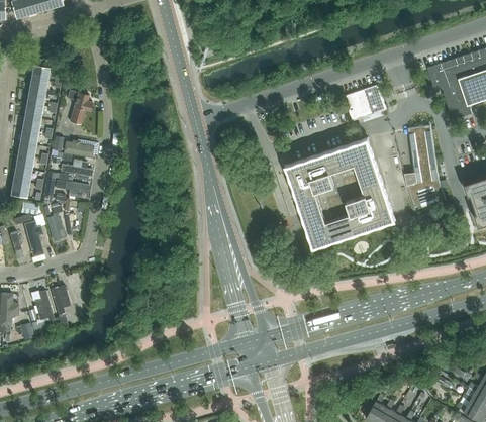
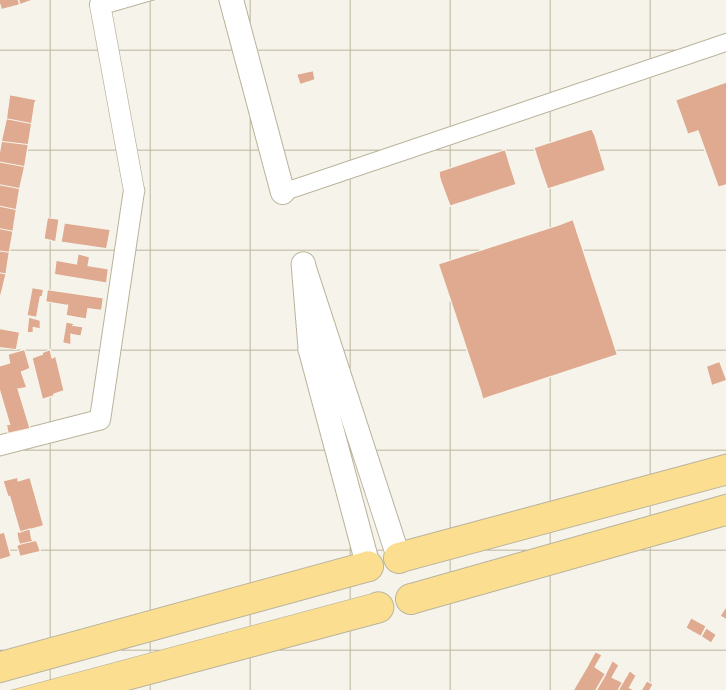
building: [67,91,92,125] -> none
building: none -> [439,150,516,206]
building: [403,126,445,211] -> none
building: [51,287,71,318] -> none

